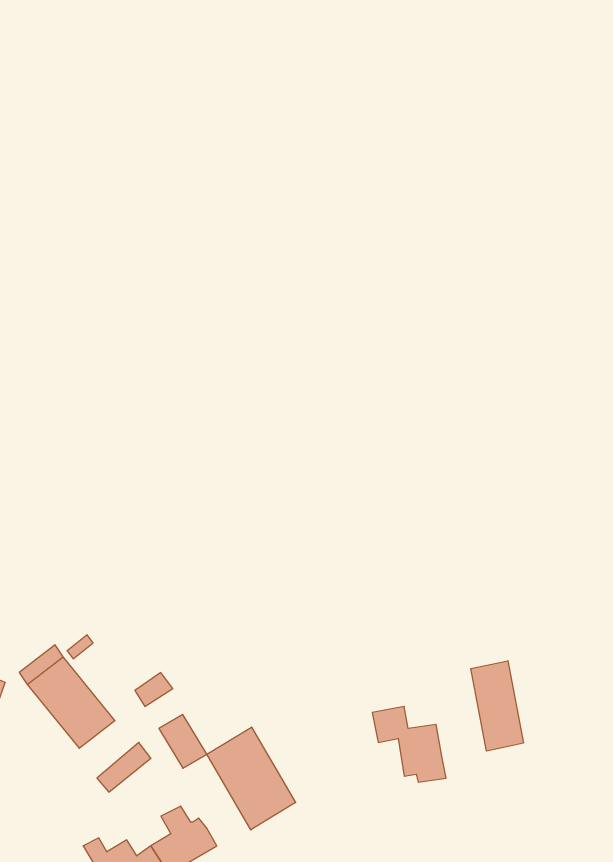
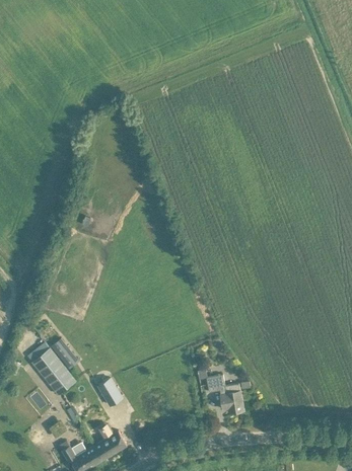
building: [471,661,523,751] -> none
building: [207,727,296,830] -> none

